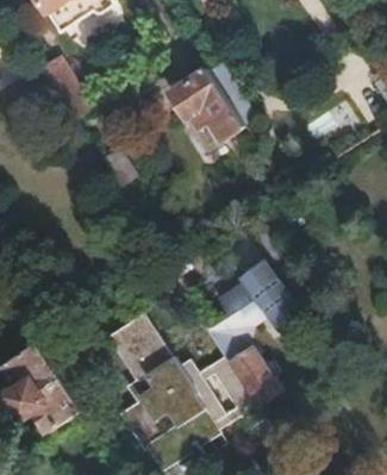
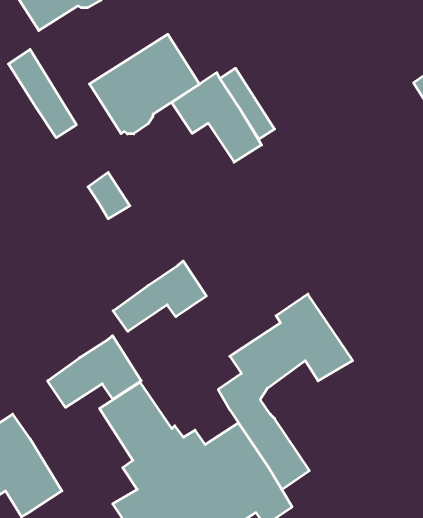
building: none -> [89,34,200,134]
building: none -> [113,261,206,331]
building: none -> [48,336,141,407]

